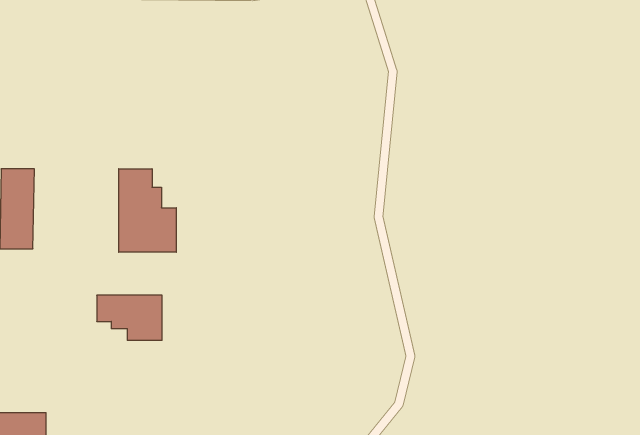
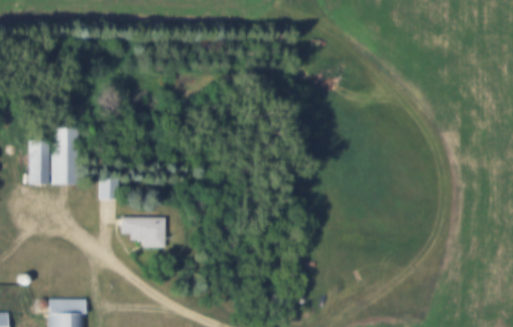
building: [119,169,176,252] -> none

